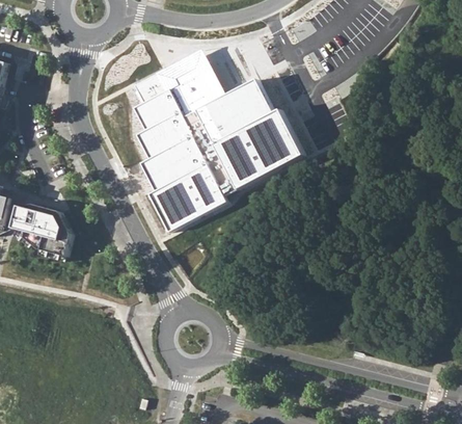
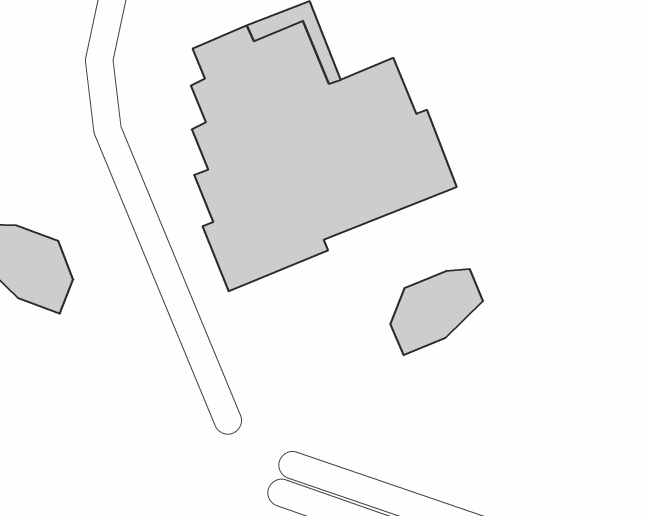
building: none -> [390,269,483,355]

